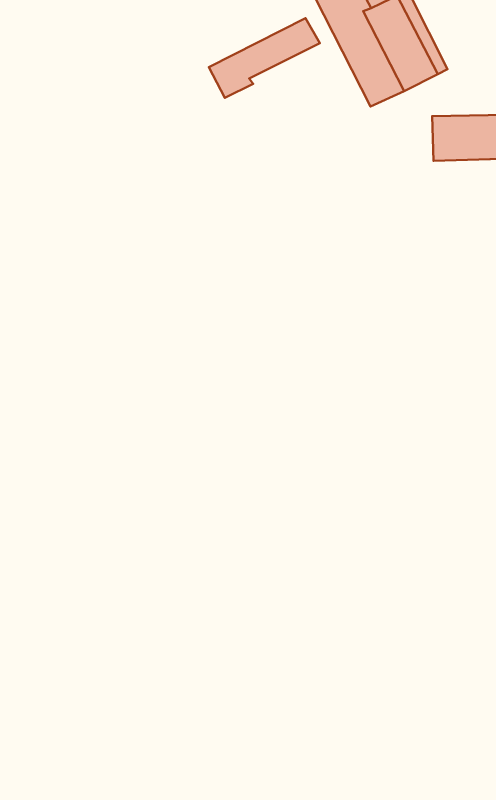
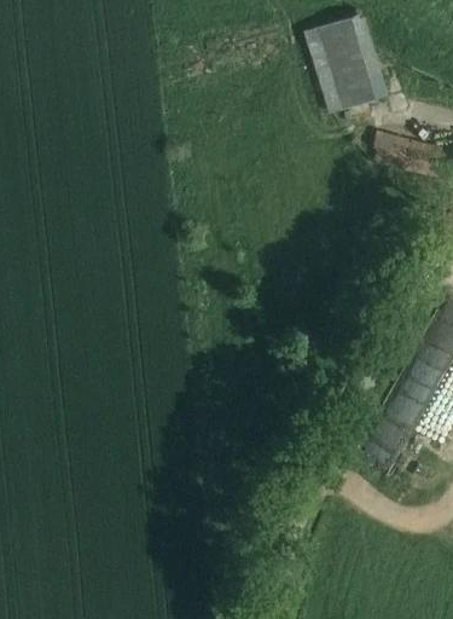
building: [209,18,320,98] -> none

